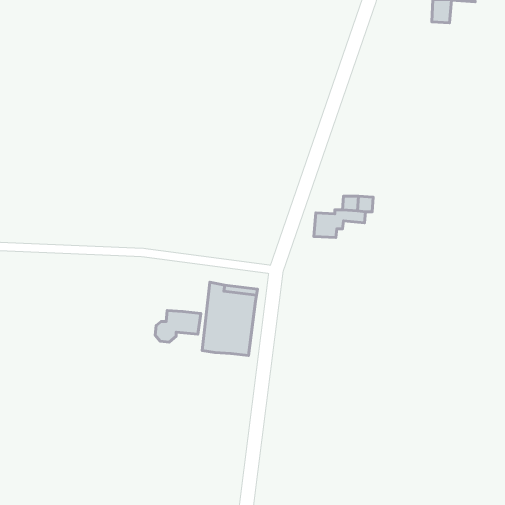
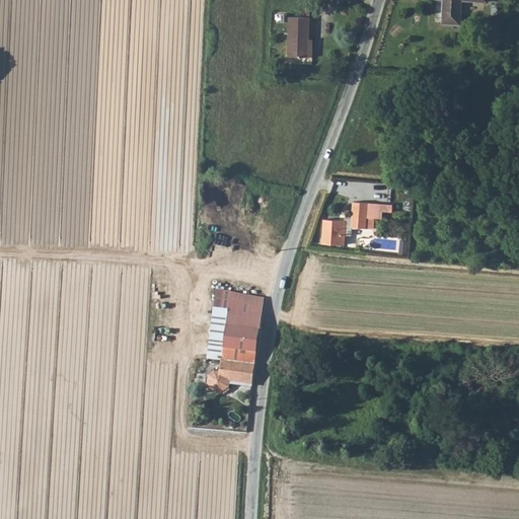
building: none -> [287,21,311,62]
building: [155,311,201,342] -> [208,361,254,393]

